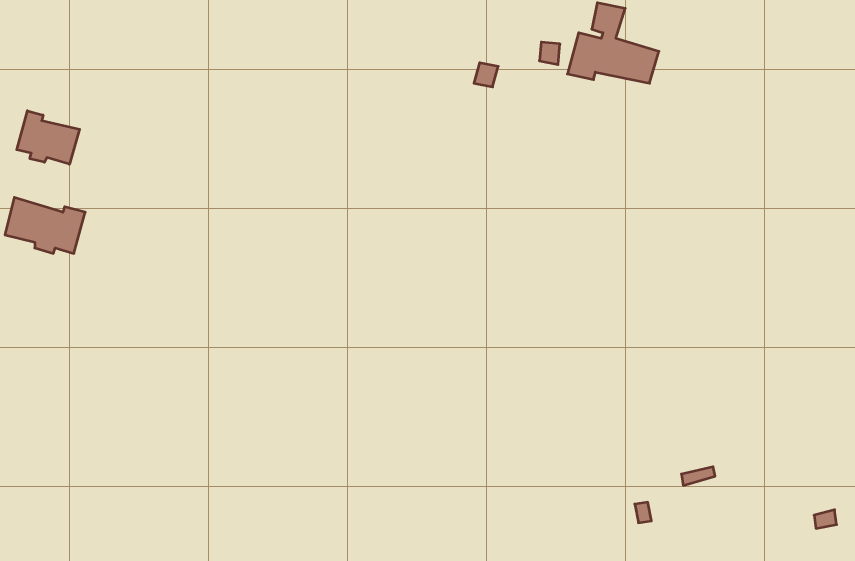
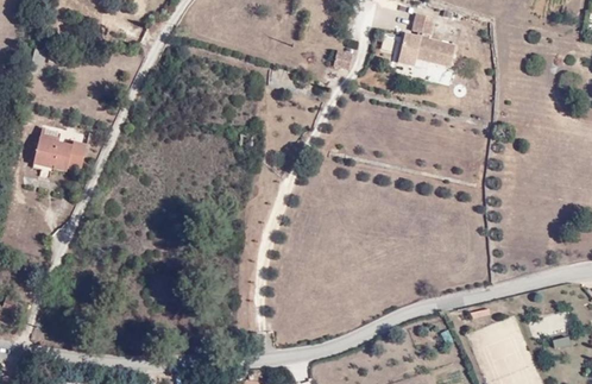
building: [17,111,80,164] -> none

